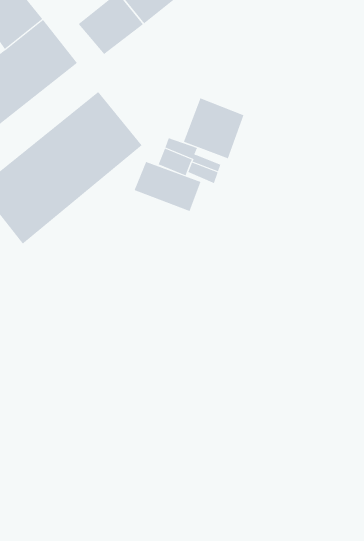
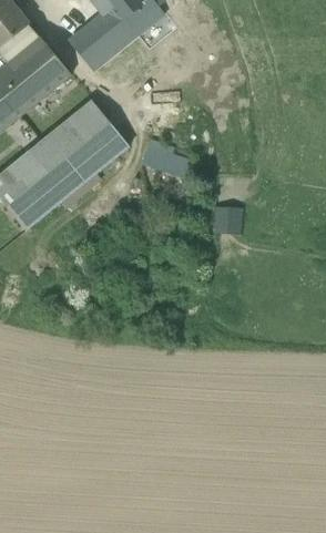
building: [183,97,244,159] -> none
building: [134,161,201,212] -> none
building: none -> [215,205,243,233]

